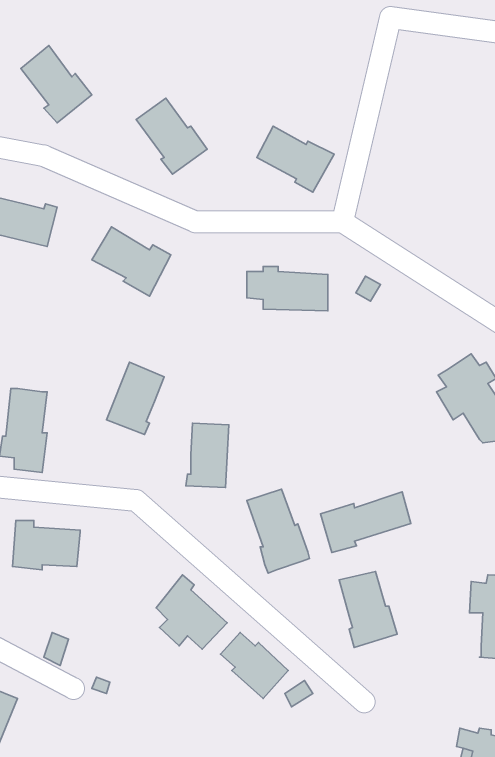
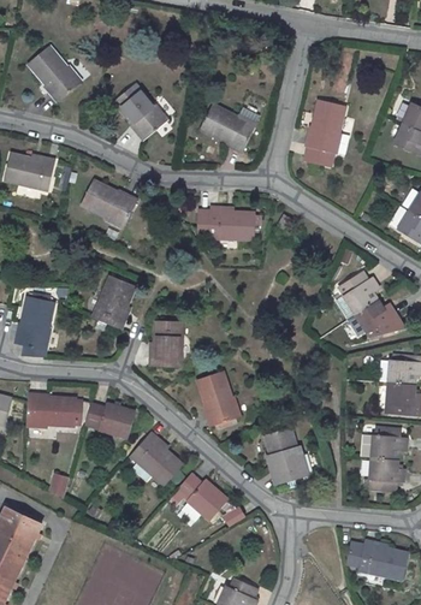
building: none -> [306,99,352,165]
building: [320,492,411,552] -> none
building: none -> [85,402,136,438]

